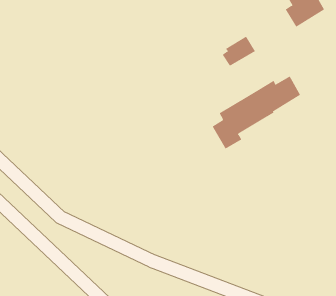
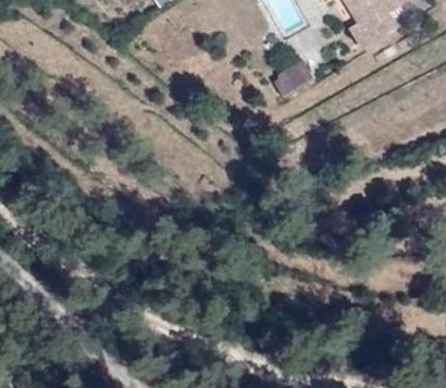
building: [212,76,301,150] -> none

